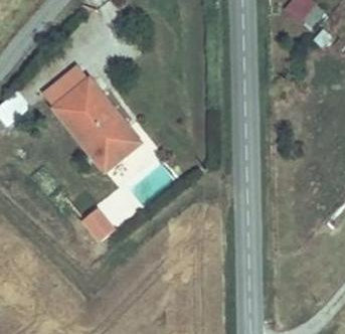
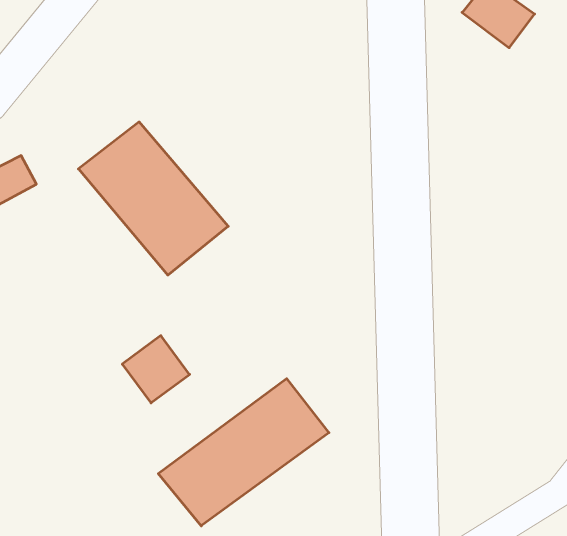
building: none -> [158,379,329,526]

